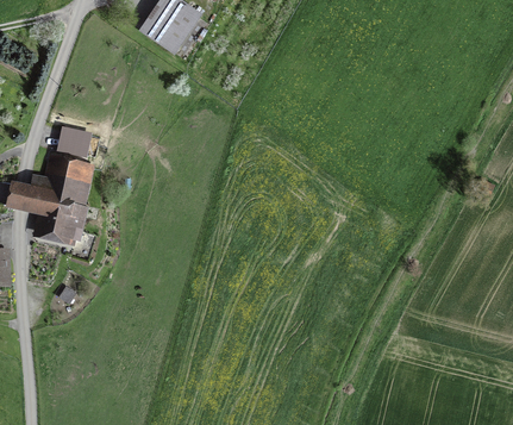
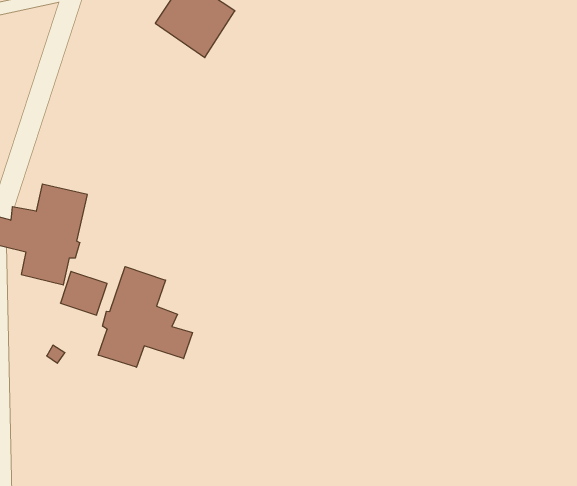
building: [56,124,90,155] -> none
building: none -> [98,267,193,367]

